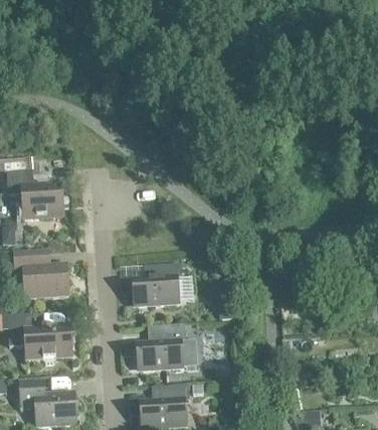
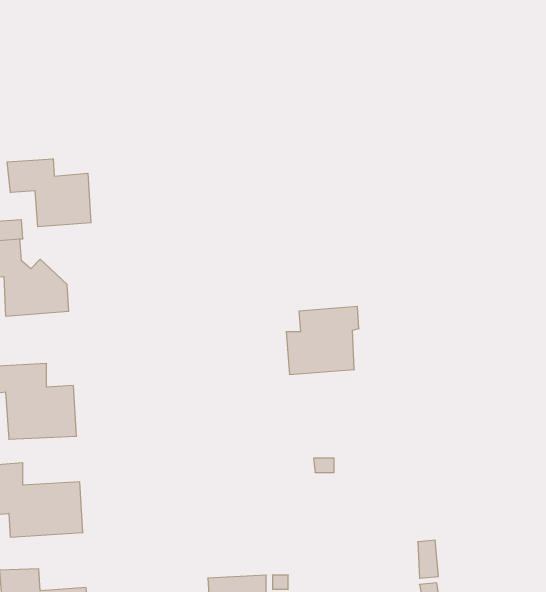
building: none -> [7,159,91,227]
building: [135,262,181,305] -> [286,306,359,374]
building: [139,323,197,370] -> none

